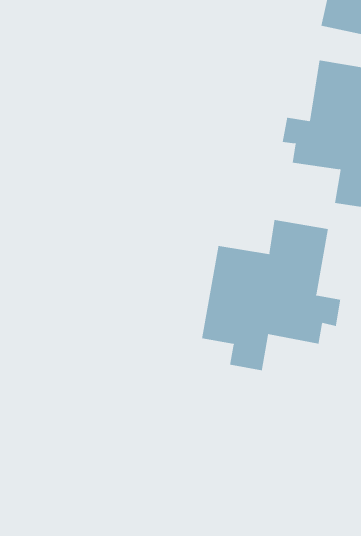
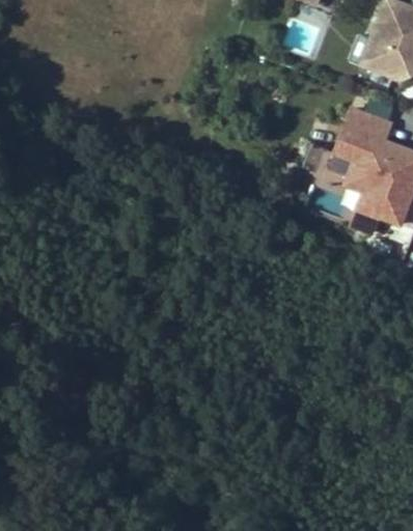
building: [202,219,341,371] -> none

